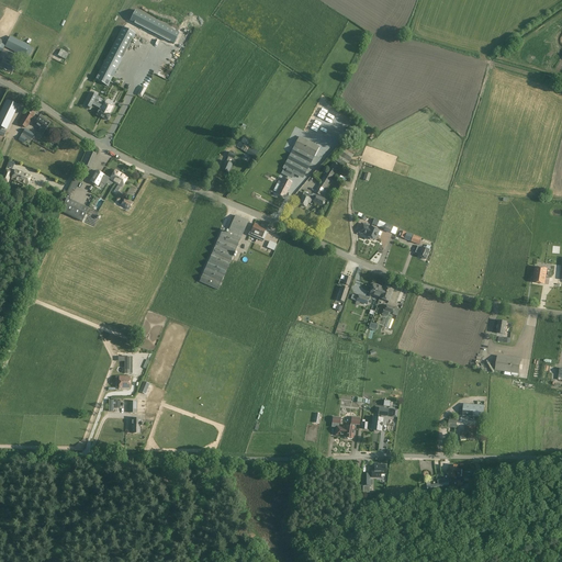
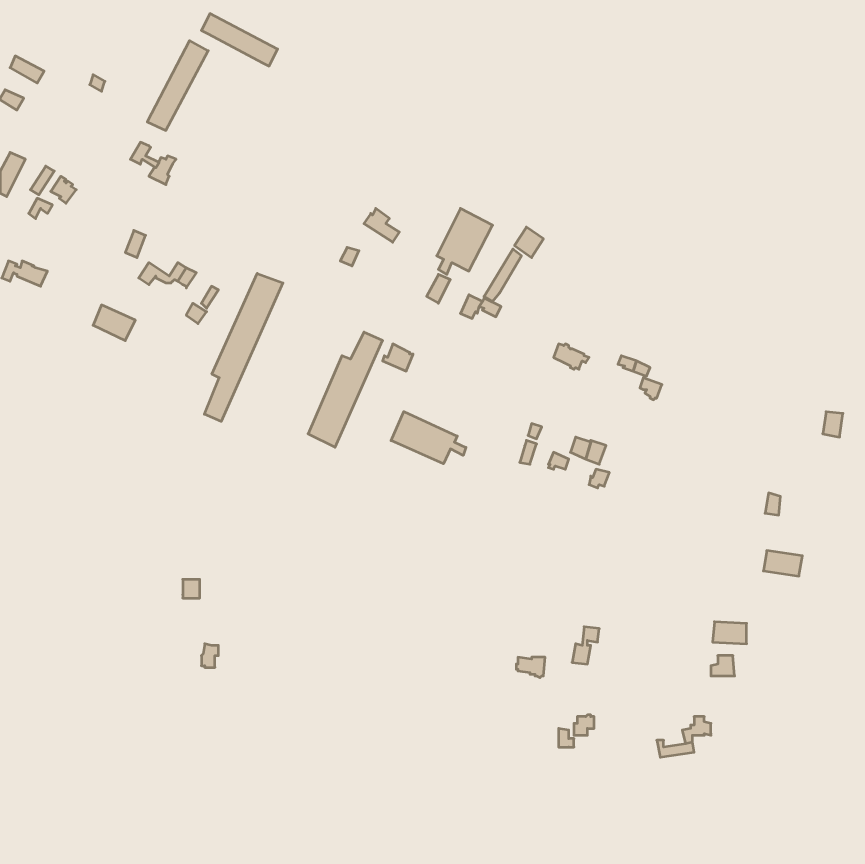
building: none -> [204,273,283,421]
building: none -> [391,412,466,464]

